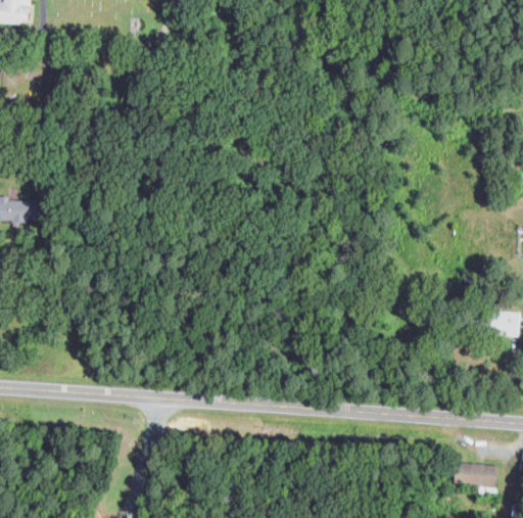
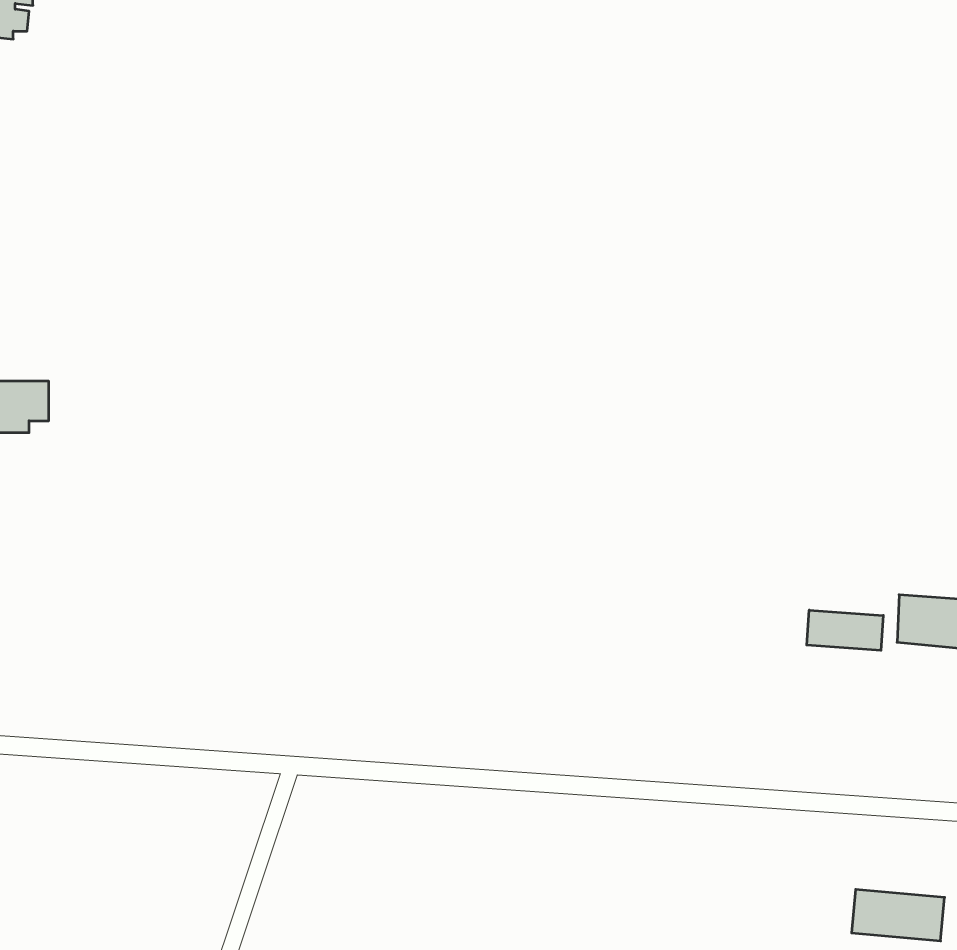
building: none -> [807,610,883,650]

